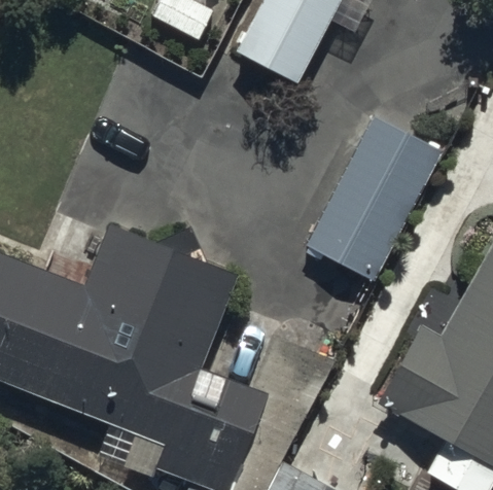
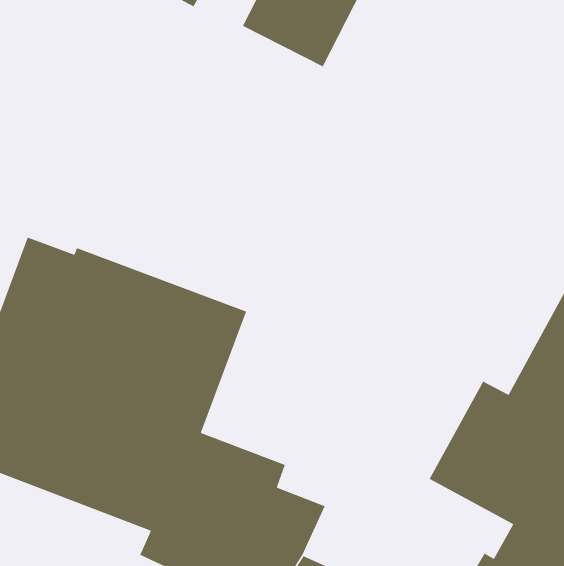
building: [306,114,445,281] -> none

